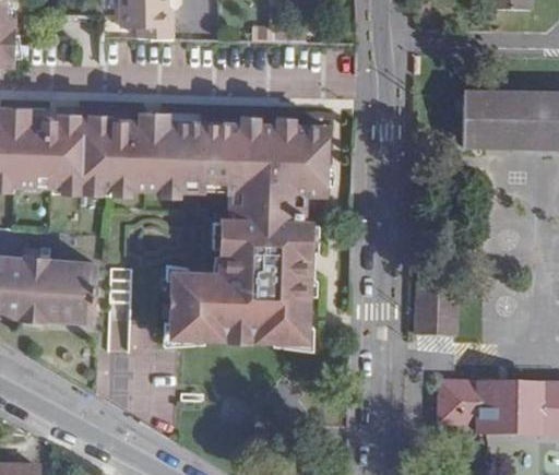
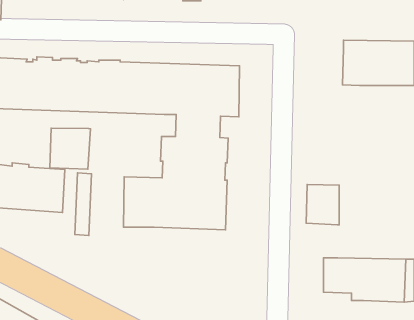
building: none -> [50,128,90,169]

